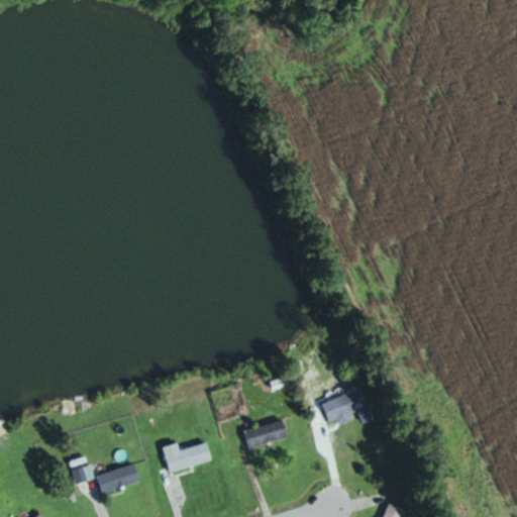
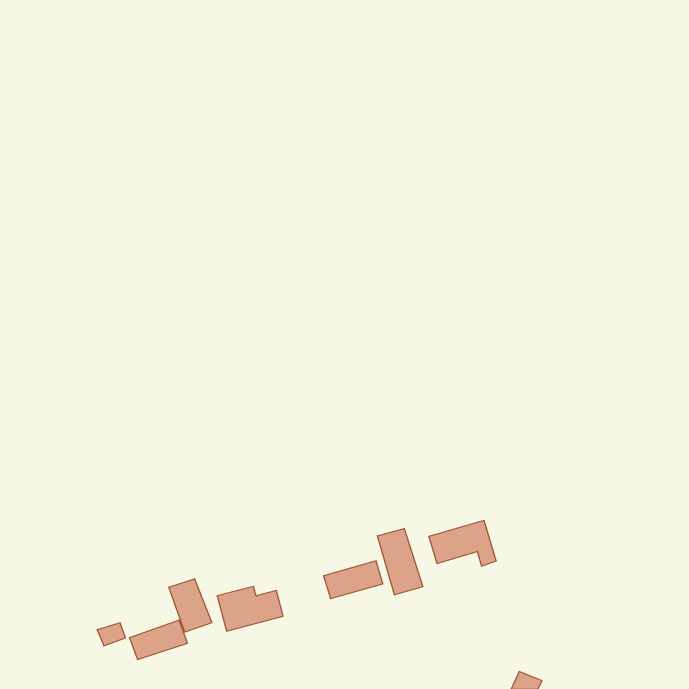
building: none -> [377,528,423,595]
building: none -> [169,579,212,632]

